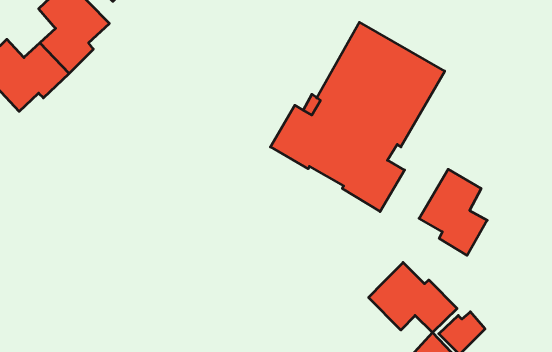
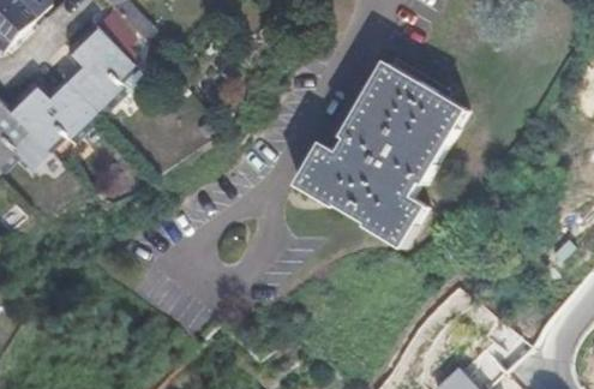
building: [419,169,487,255] -> none
building: [369,262,457,333] -> none

